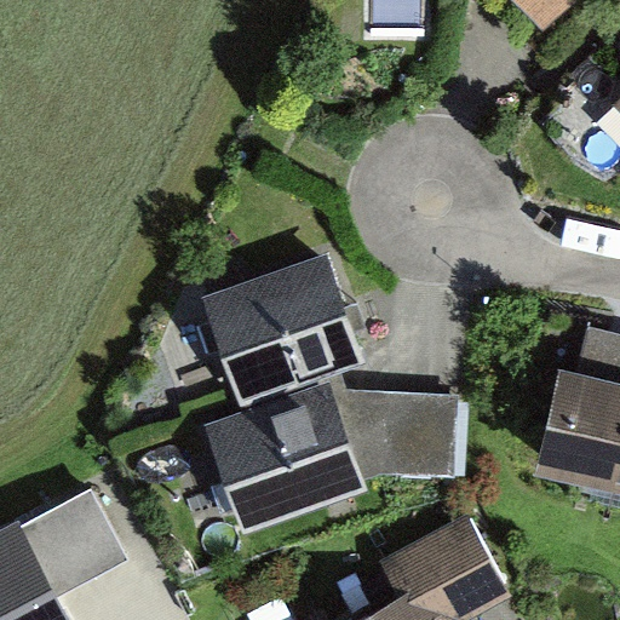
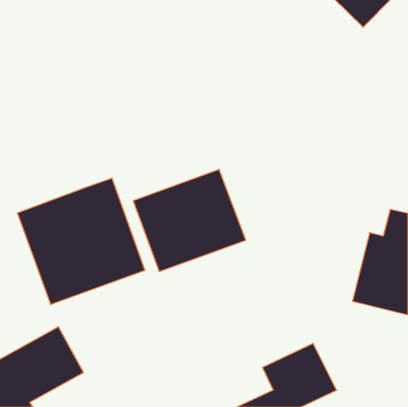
building: none -> [17,178,145,305]
building: [202,377,463,530] -> none

